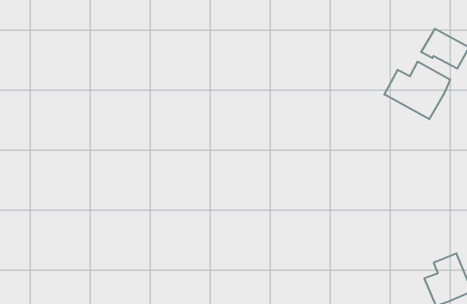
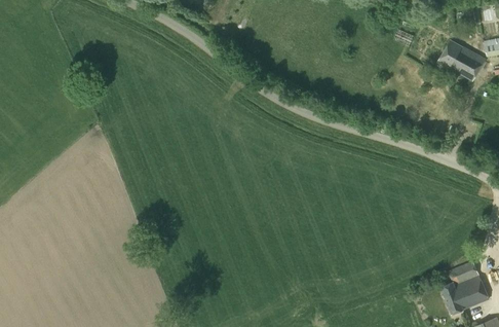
building: [384,62,450,119] -> none

